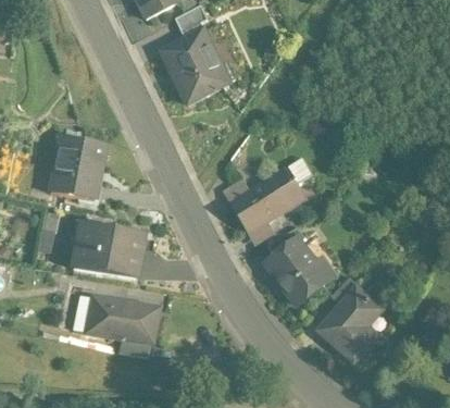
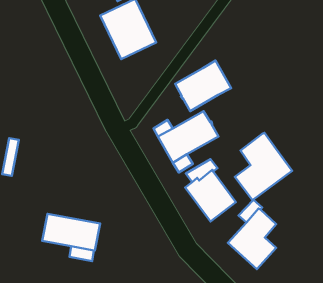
building: none -> [175,60,231,111]
building: [51,134,105,198] -> none
building: none -> [235,133,292,200]
building: [75,222,142,275] -> none

